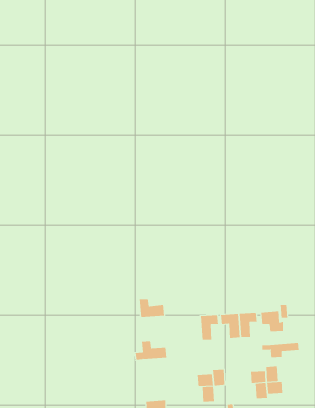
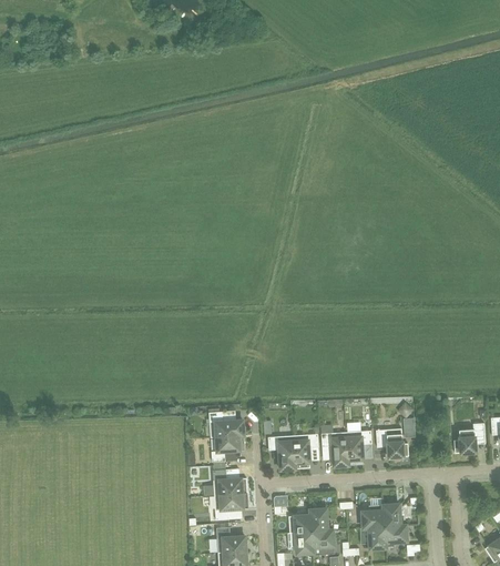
building: none -> [211,435,244,462]
building: none -> [267,435,295,469]
building: [262,342,299,358] -> none
building: none -> [214,493,248,520]
building: none -> [216,527,246,553]
building: none -> [312,529,335,555]

